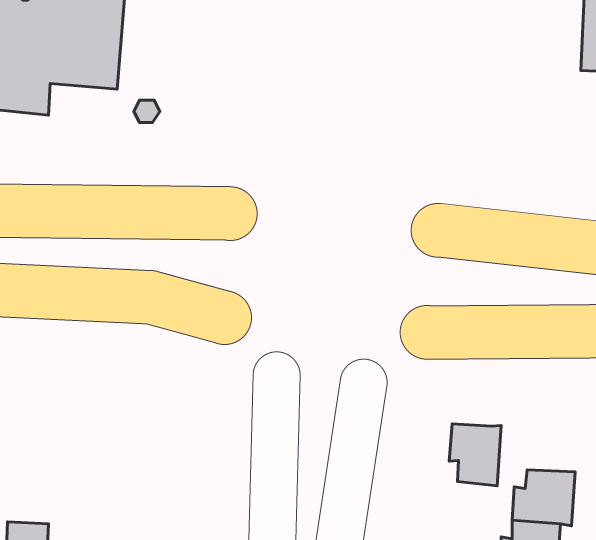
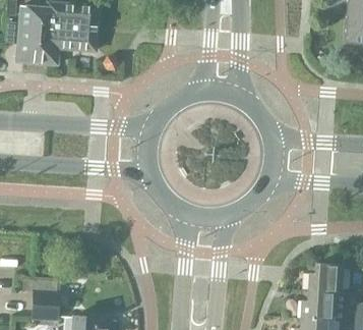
building: [449,424,501,486] -> none

